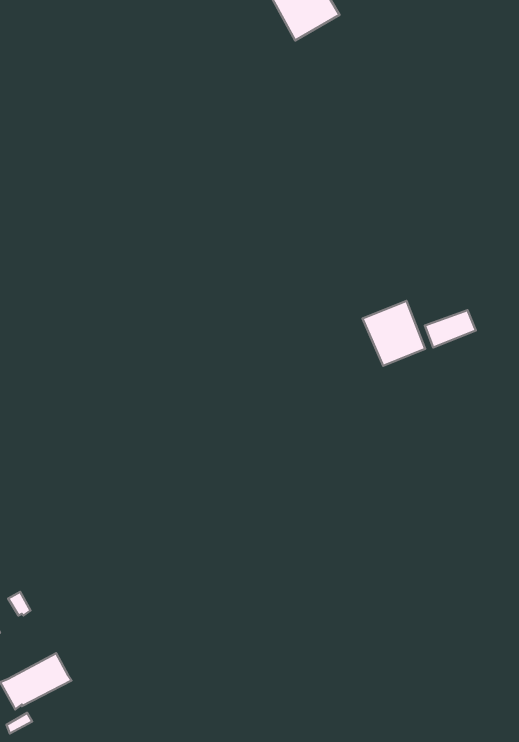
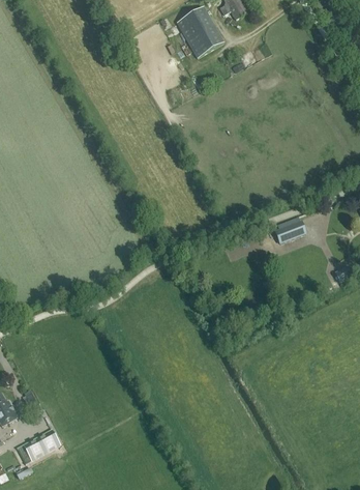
building: [362,301,425,366] -> none

